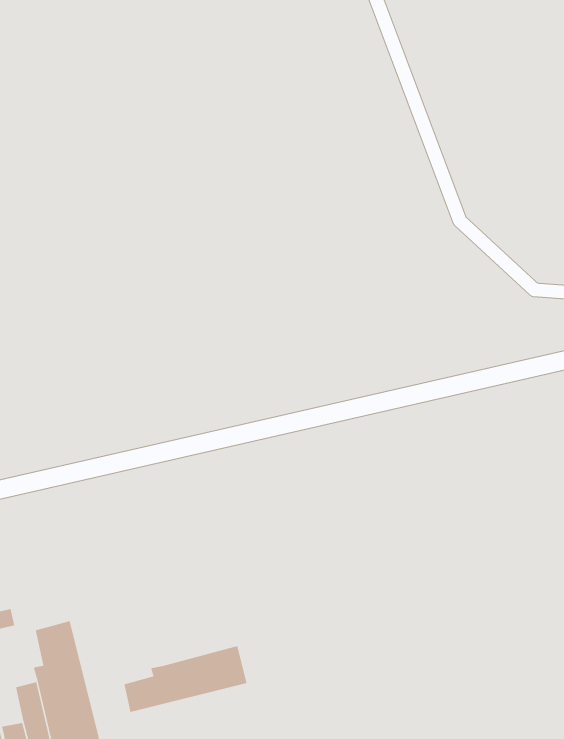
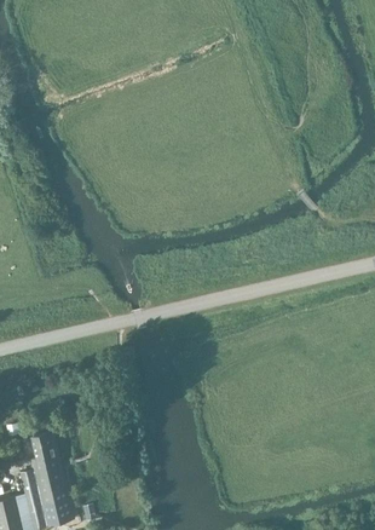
building: [123,645,248,713] -> none

